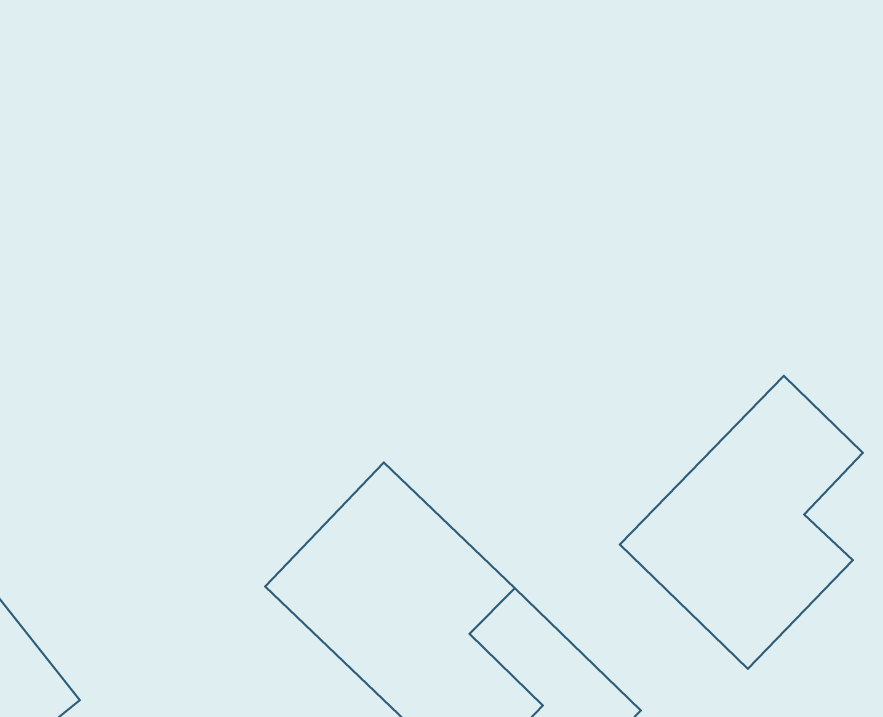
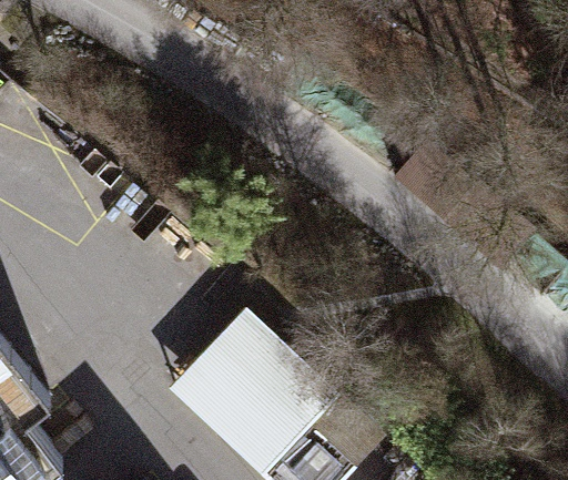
building: [620,376,863,669] -> none

